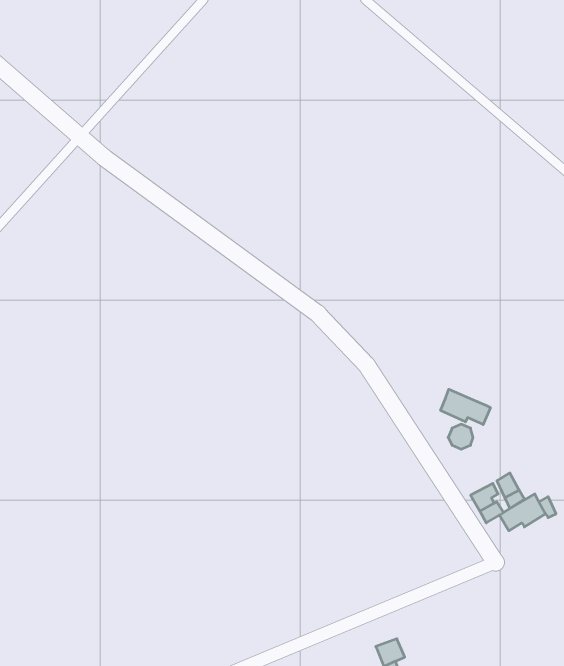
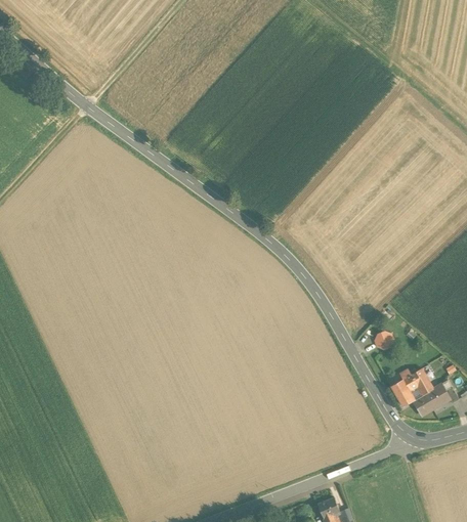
building: [441,389,490,425] -> none

